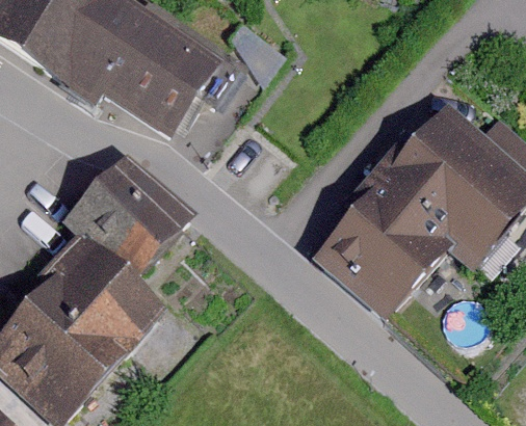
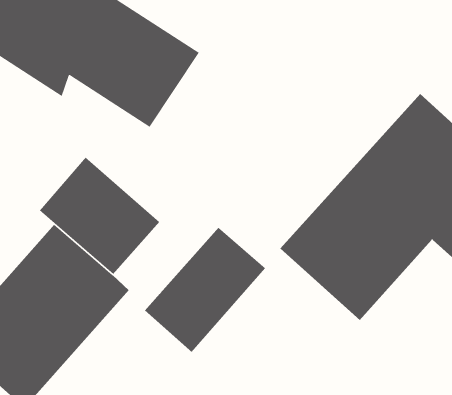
building: none -> [144,227,266,353]

